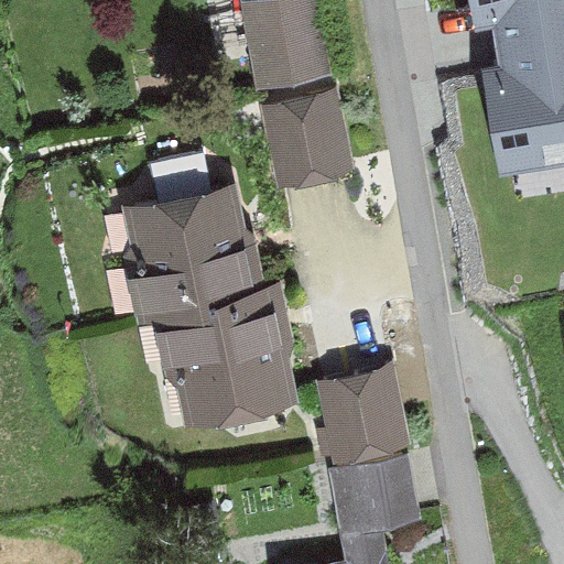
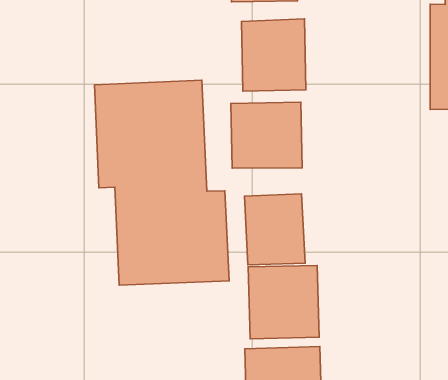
building: none -> [231,102,302,168]
building: none -> [244,194,305,265]

